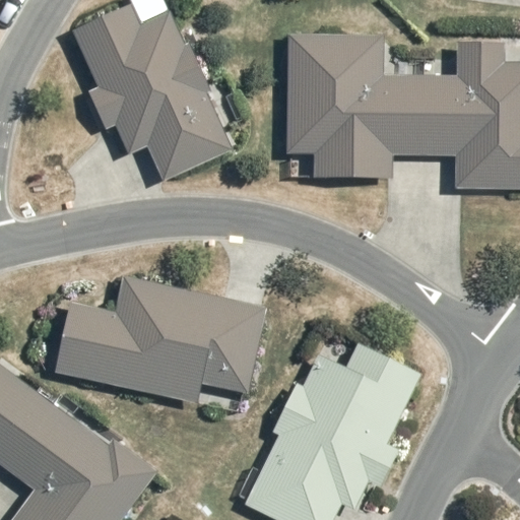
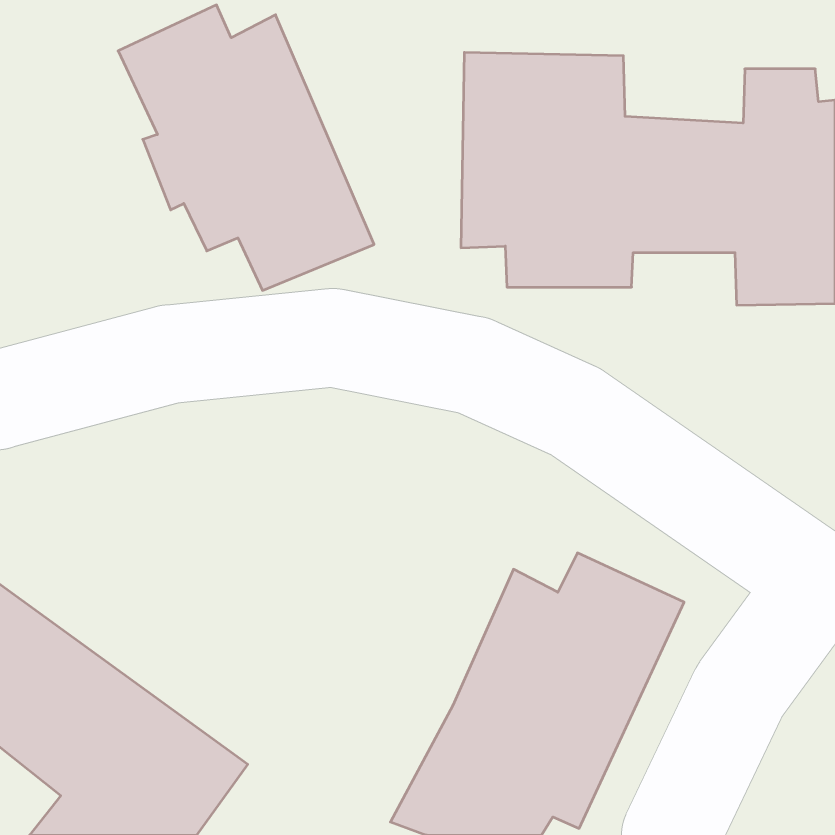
building: [57,277,267,404] -> none

